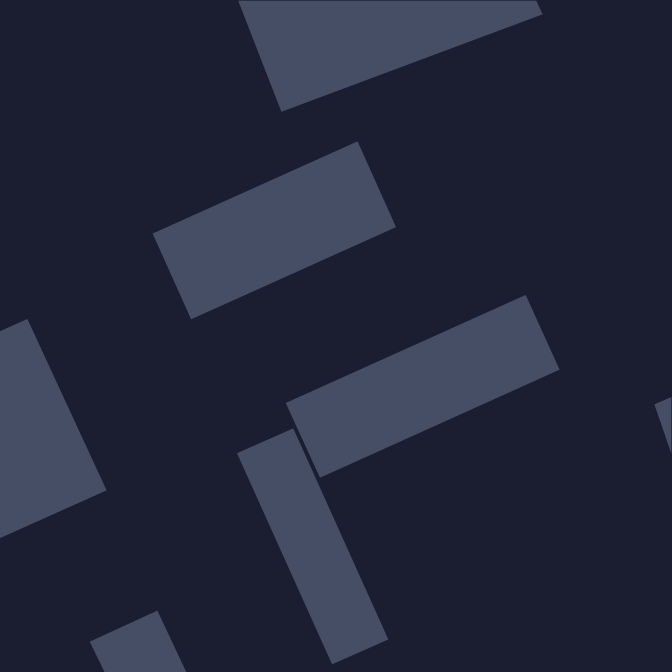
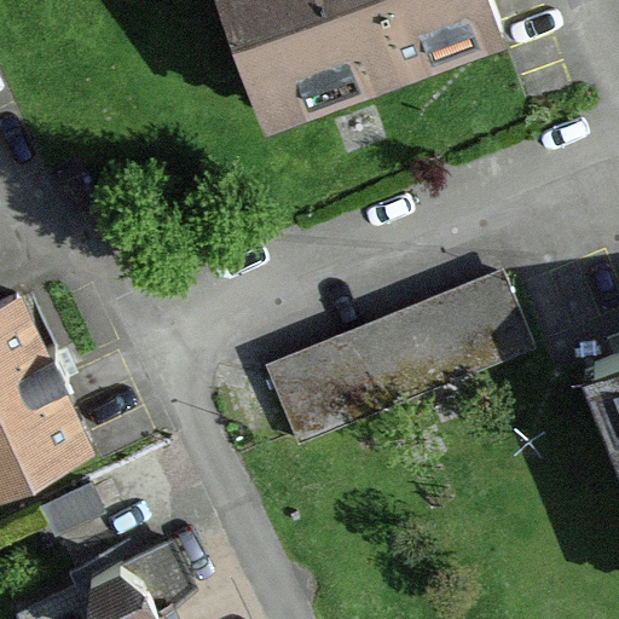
building: [152,140,397,320] -> none
building: [236,427,389,665] -> none

